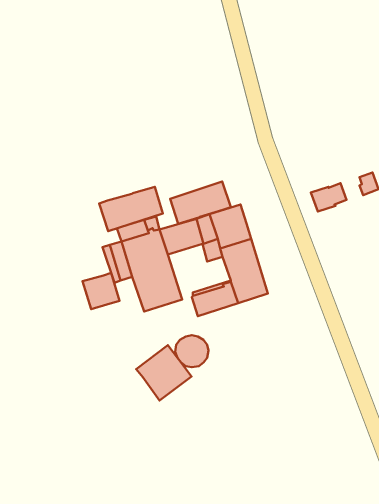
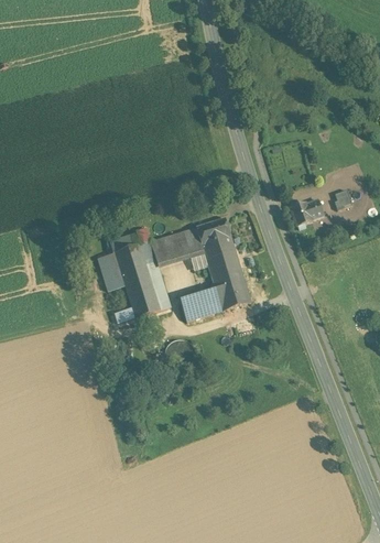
building: [170,181,231,224] -> none
building: [99,187,163,231] -> none
building: [83,273,119,309] -> none
building: [136,345,192,401] -> none

